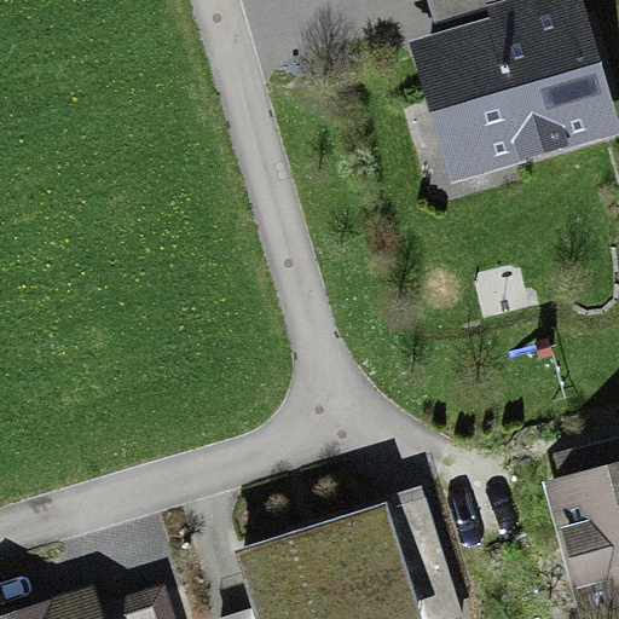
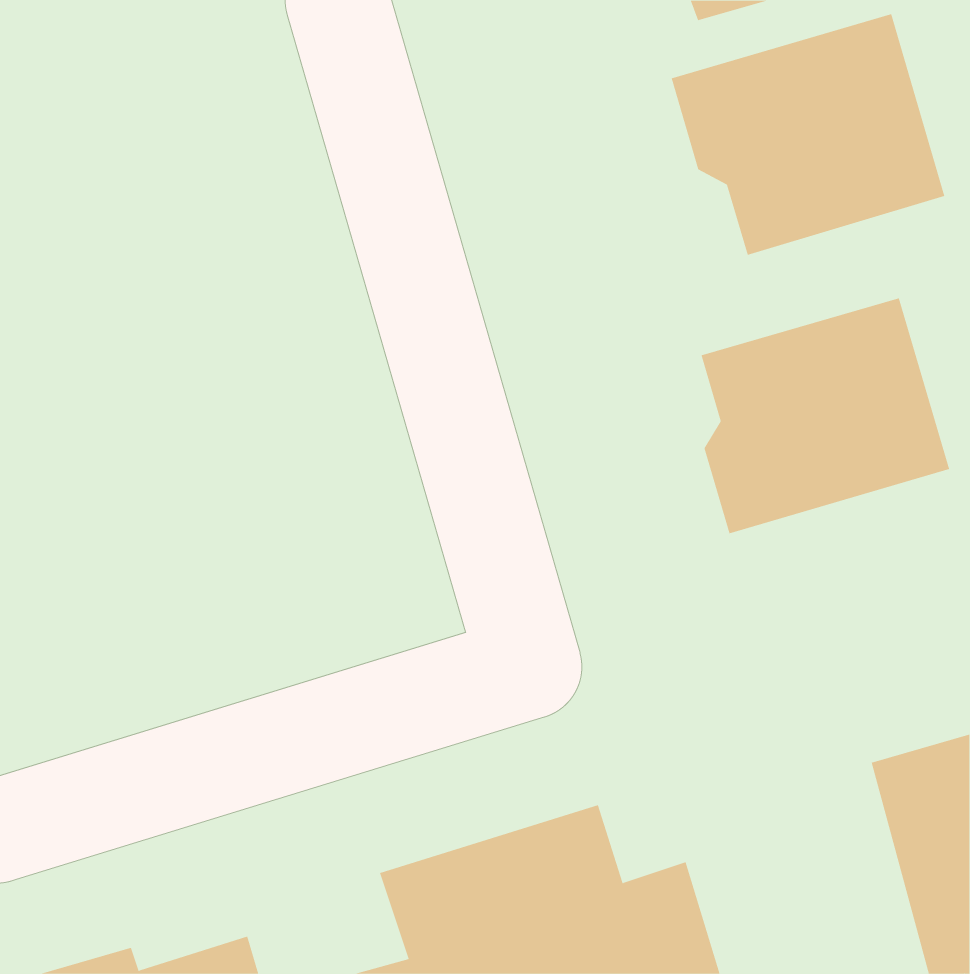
building: none -> [701,297,950,534]

